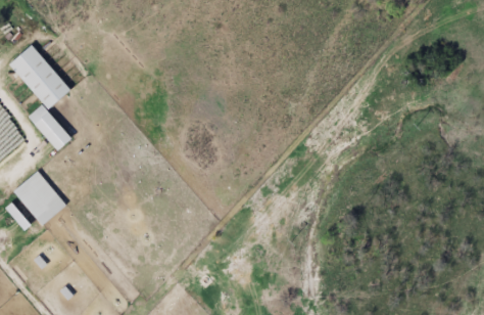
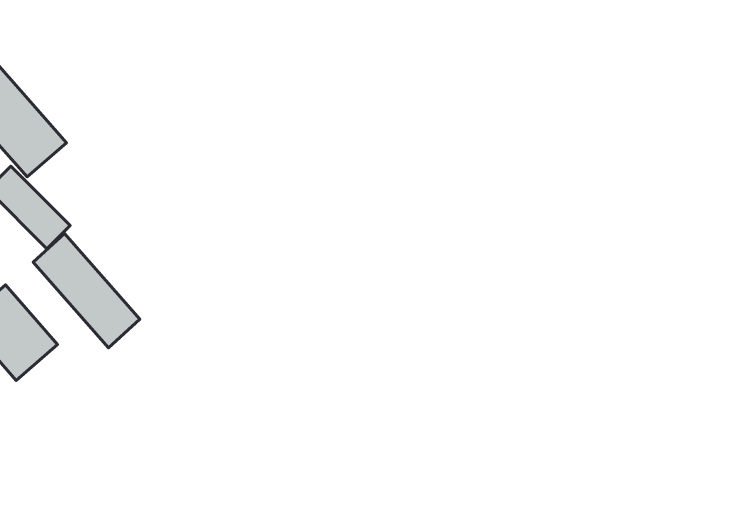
building: none -> [33,233,140,348]

